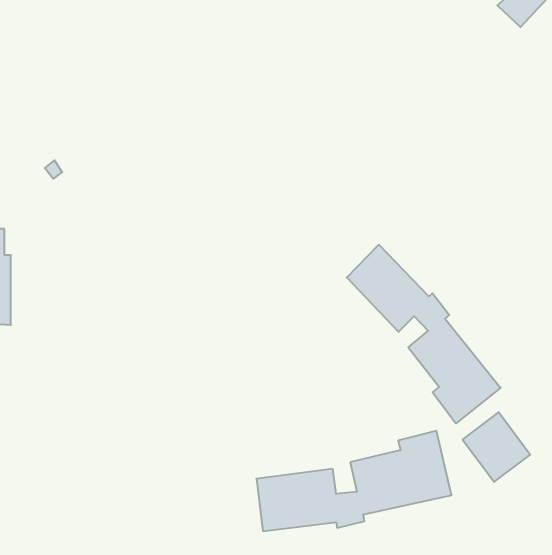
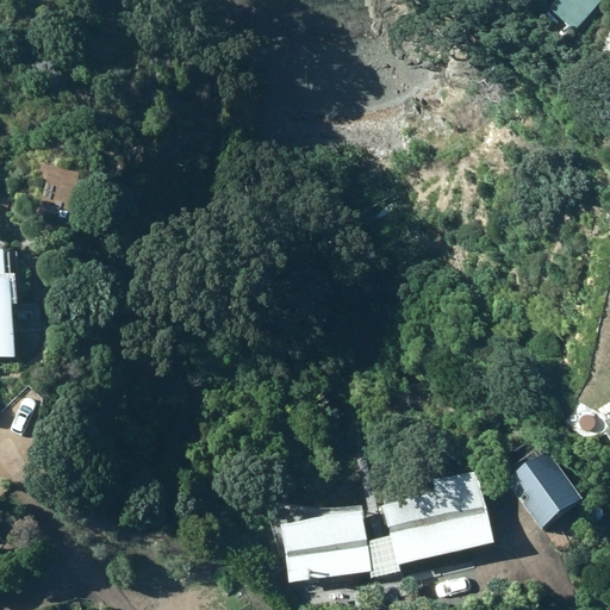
building: [347,245,501,423] -> none

